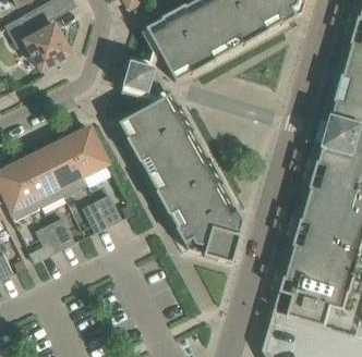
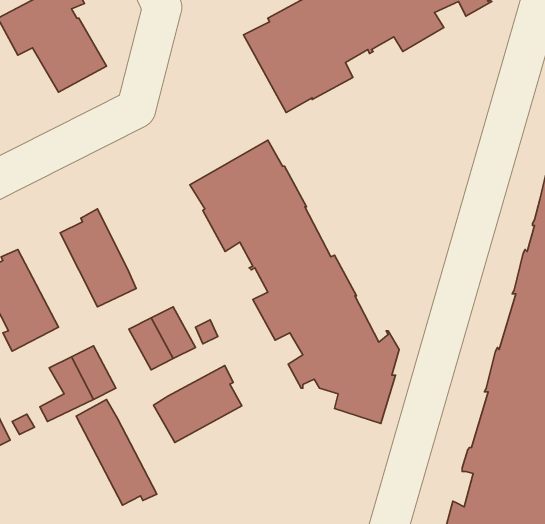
building: [123,61,154,91] -> none
building: [64,126,107,173] -> none
building: [17,150,64,206] -> none
building: none -> [154,365,242,442]
building: none -> [76,399,157,505]

